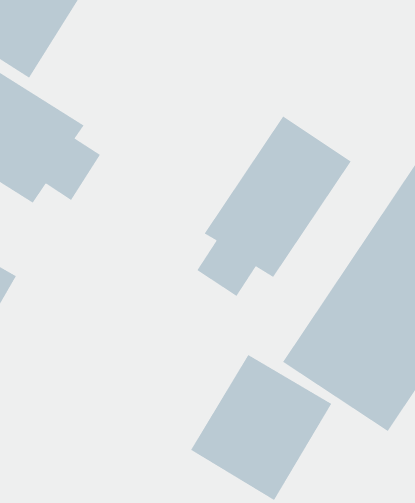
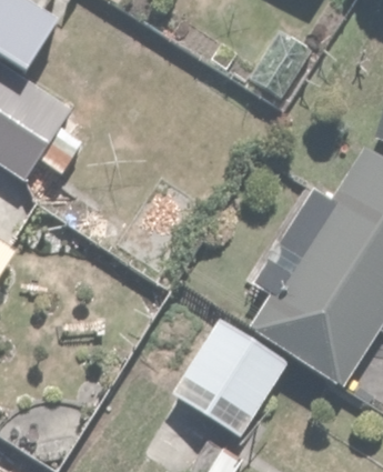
building: [196,115,351,297] -> none

